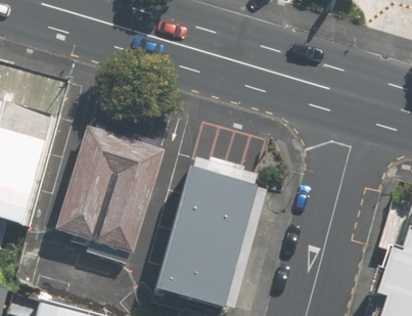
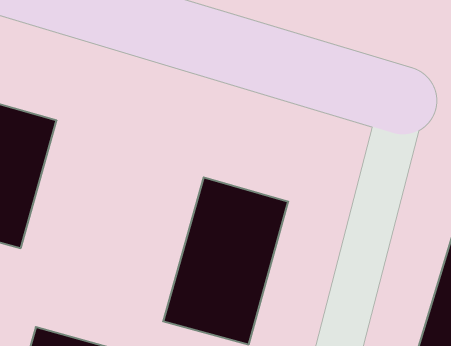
building: [55,126,164,254] -> none

